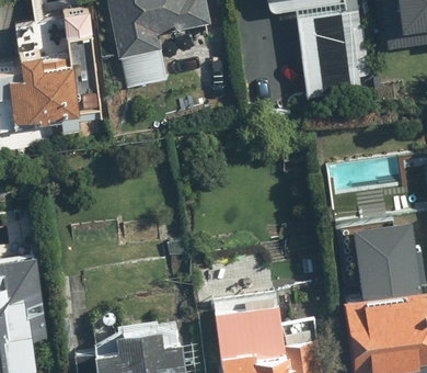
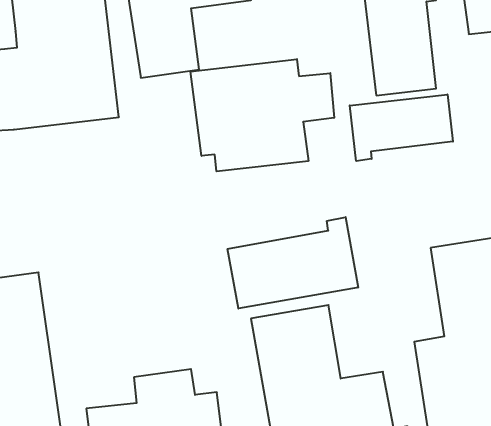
building: none -> [190,59,334,171]
building: none -> [350,94,453,161]
building: none -> [228,217,358,309]

